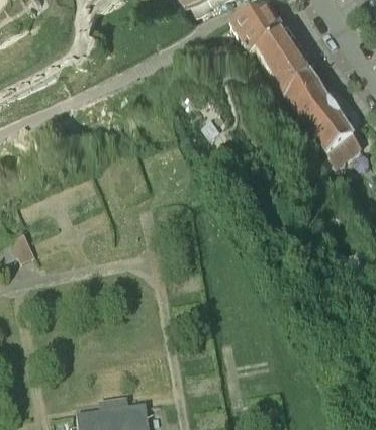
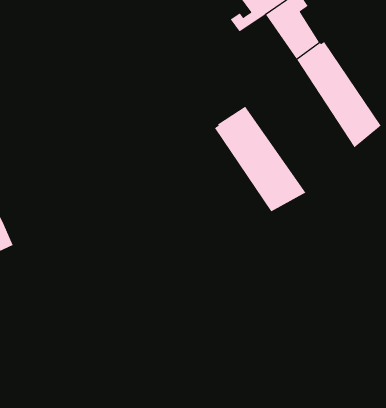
building: none -> [214,106,306,212]

